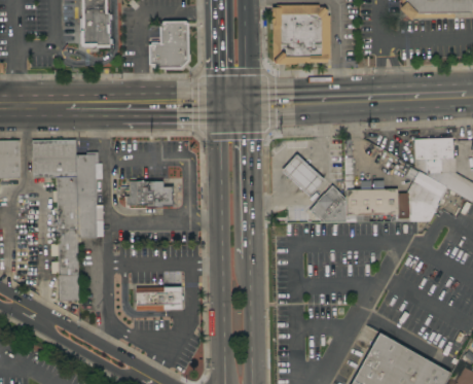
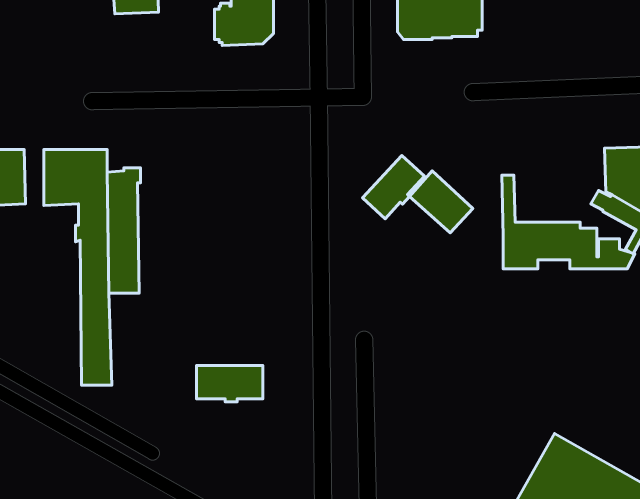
building: none -> [363,155,424,219]
building: [126,181,176,209] -> none
building: [310,185,345,222] -> none

